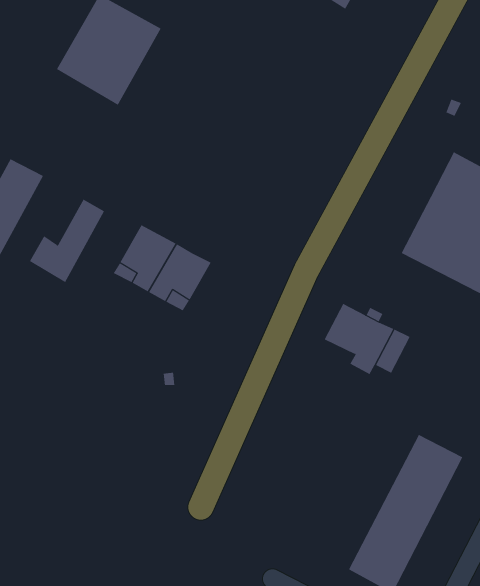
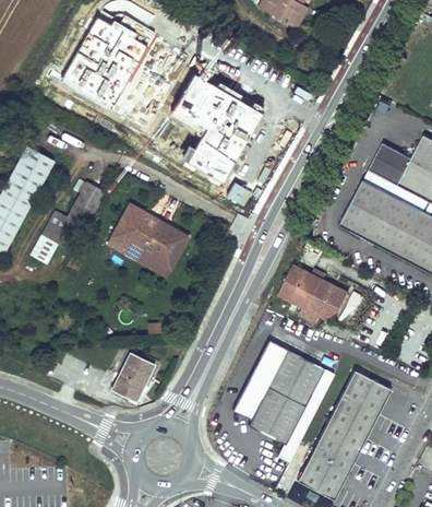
building: none -> [173,73,262,182]
building: none -> [233,340,335,461]
building: none -> [110,354,152,403]

